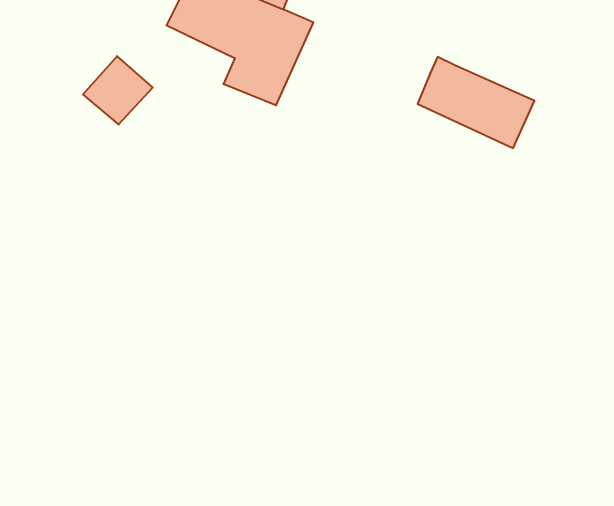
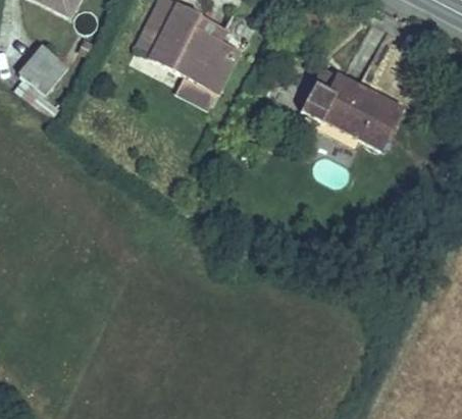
building: [83,56,153,125] -> [21,50,71,99]

